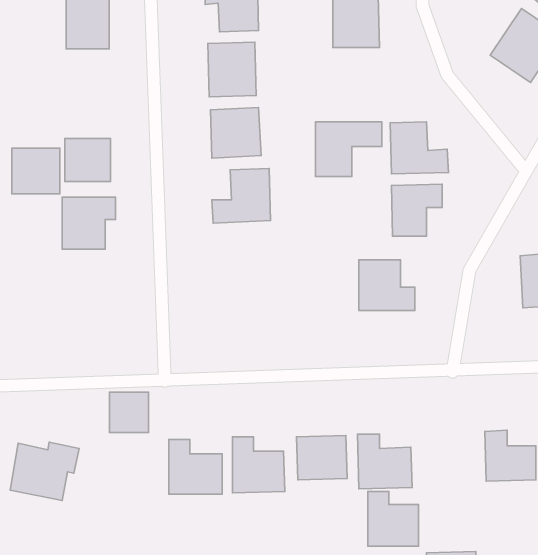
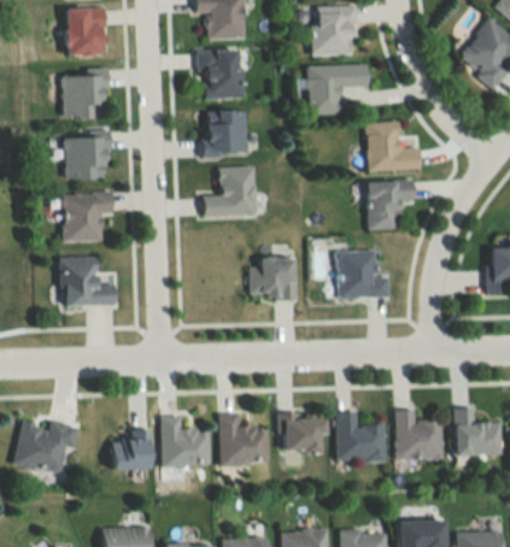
building: [316,122,382,177] -> [307,64,369,114]
building: [12,148,60,194] -> [63,75,107,117]
building: none -> [60,255,117,305]
building: none -> [251,255,295,298]
building: [109,392,148,432] -> [113,431,150,469]
building: [368,492,419,546] -> [397,408,444,459]

